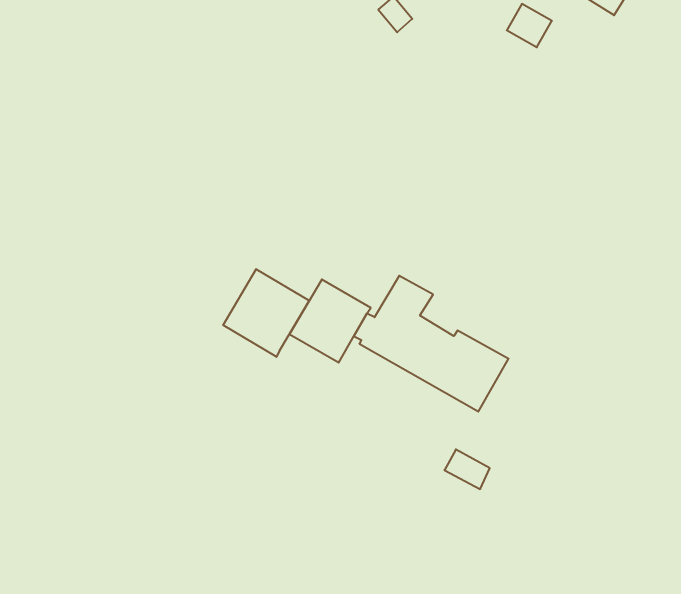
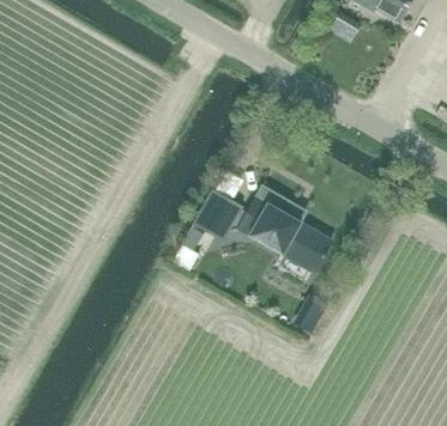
building: [223,269,309,357] -> none

